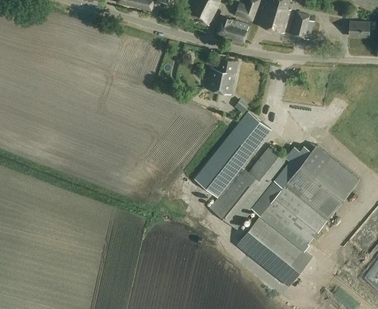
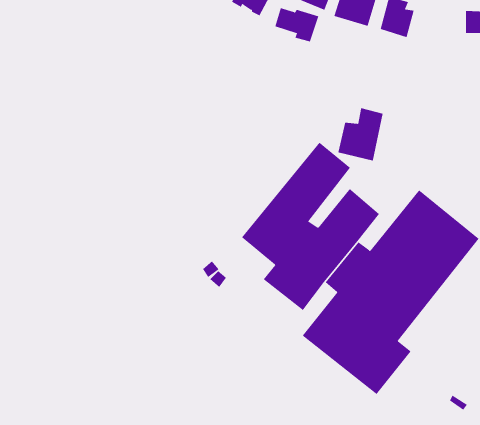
building: [205,57,237,94] -> [337,108,384,161]

